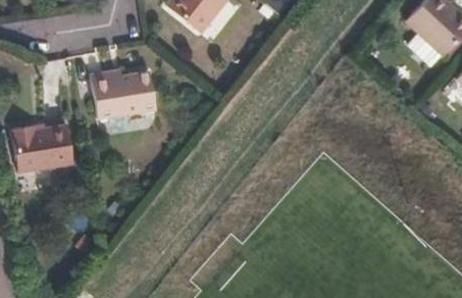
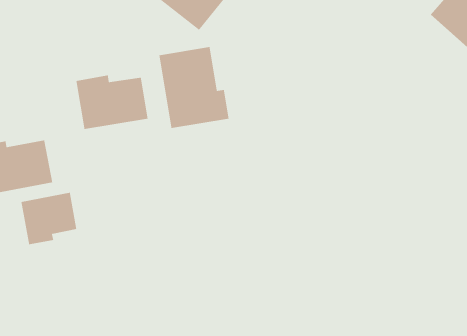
building: none -> [159,46,230,129]
building: none -> [20,192,77,245]

